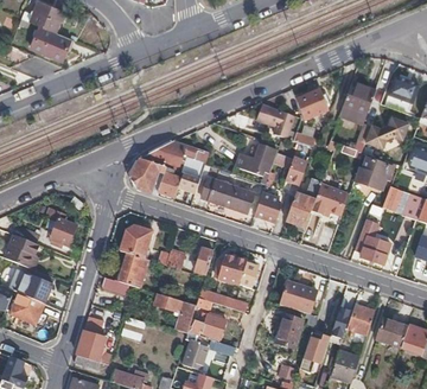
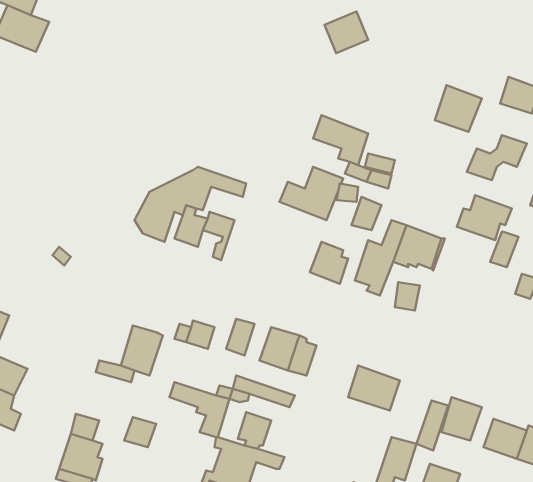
building: [297,90,327,120] -> [325,11,368,53]
building: [202,178,254,213] -> none
building: [46,208,76,245] -> none
building: [355,221,390,264] -> none
building: [121,224,153,257] -> none
building: [276,314,304,347] -> none

